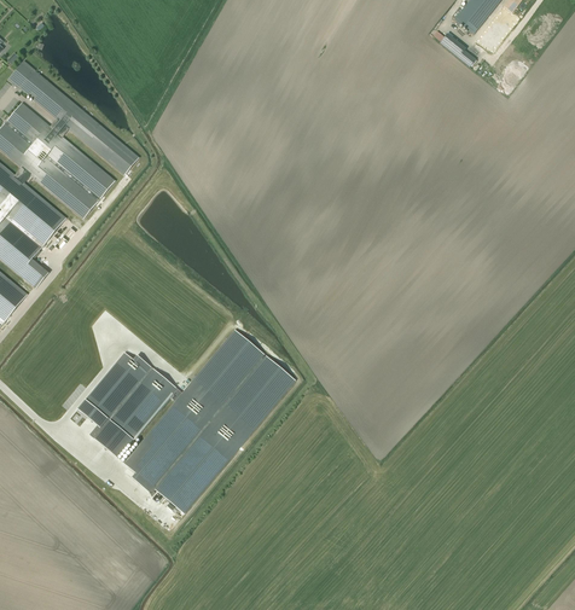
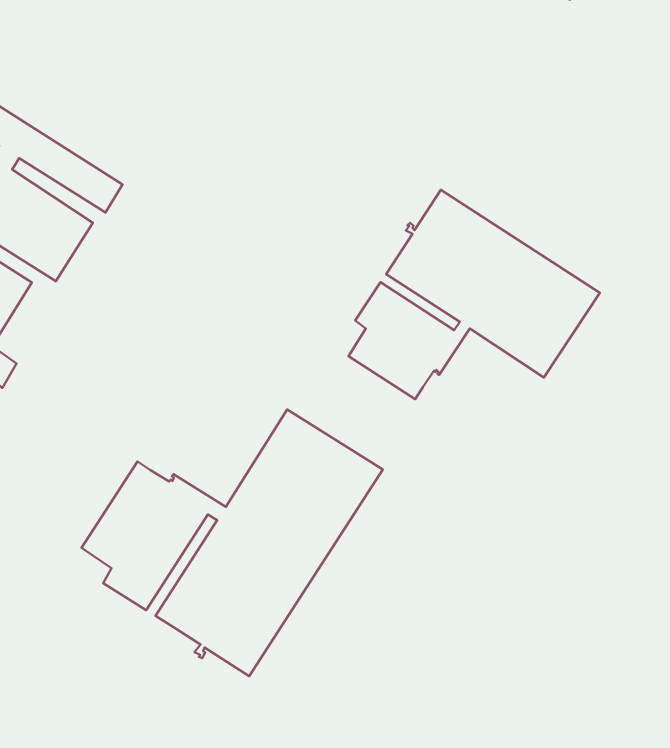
building: none -> [349,190,600,399]

